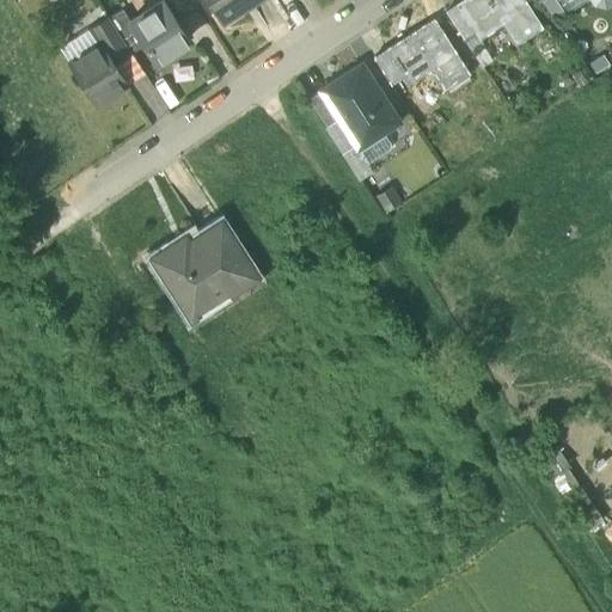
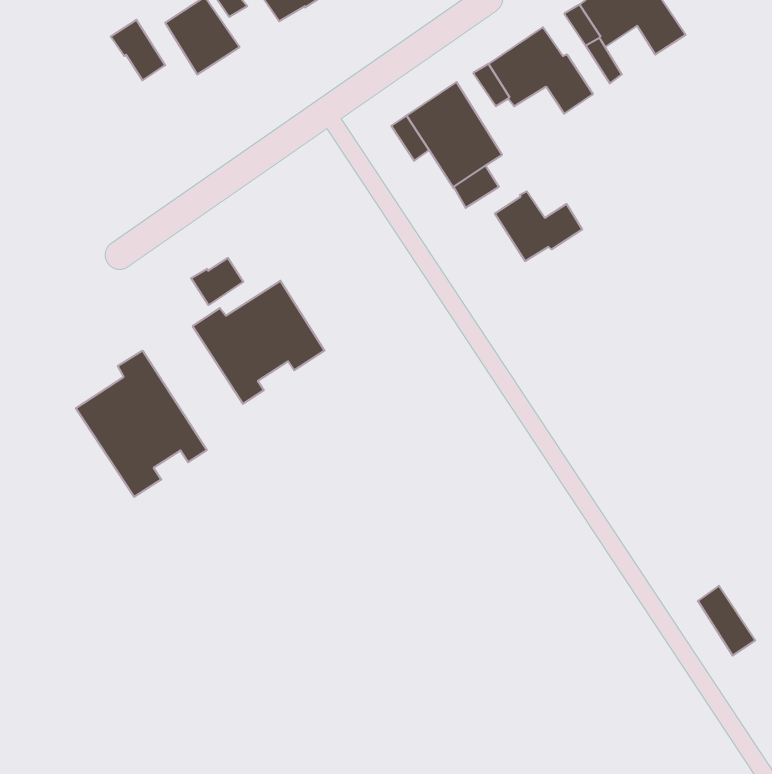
building: [72,43,128,103] -> none
building: none -> [495,191,582,261]
building: none -> [191,258,243,305]
building: none -> [76,351,207,497]

